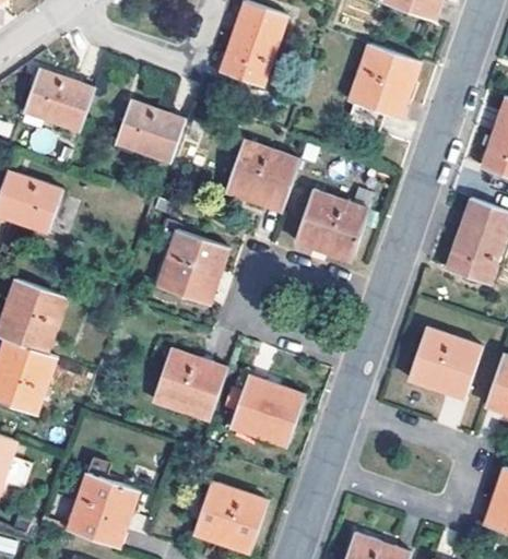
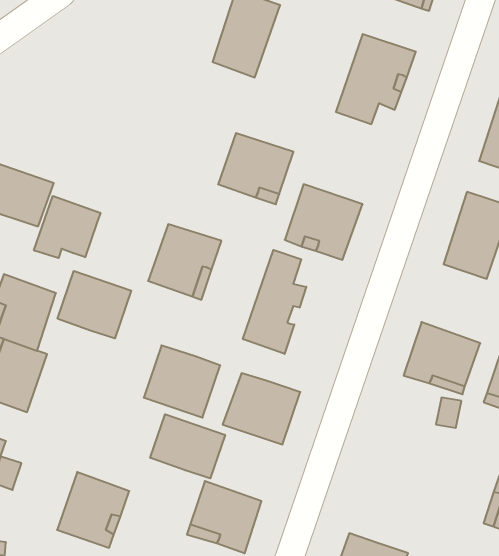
building: [24,69,94,129] -> none
building: [114,99,186,160] -> none
building: none -> [34,196,100,258]
building: none -> [243,250,306,354]
building: none -> [58,271,131,338]
building: none -> [150,414,225,478]

